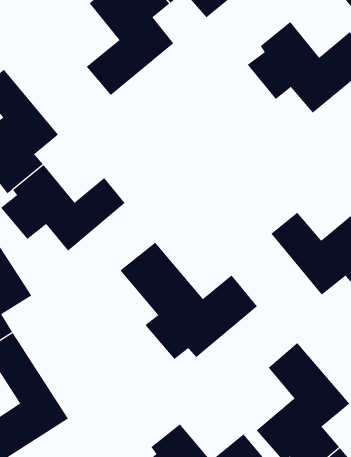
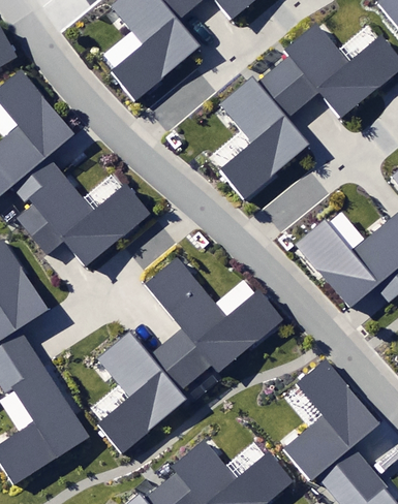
building: none -> [216,69,308,200]
building: none -> [96,329,197,452]

